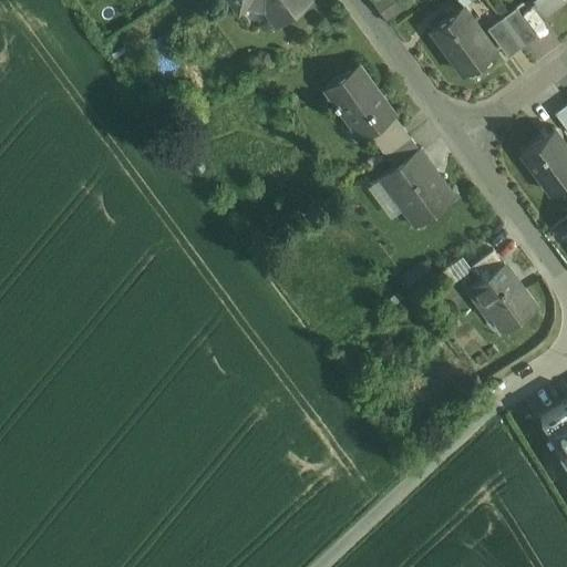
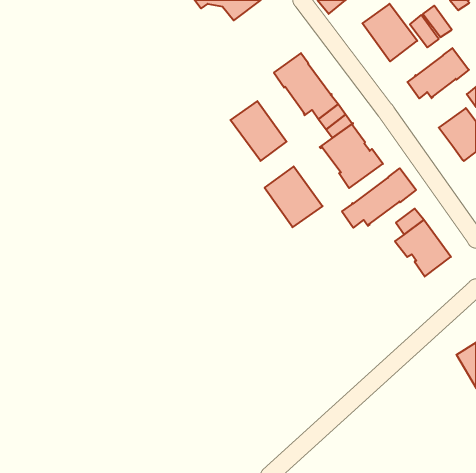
building: none -> [407,48,469,98]
building: none -> [230,101,287,161]
building: none -> [265,166,323,227]
building: none -> [342,168,416,228]

